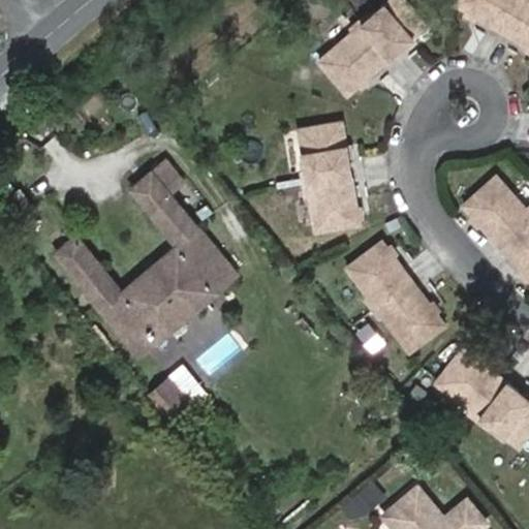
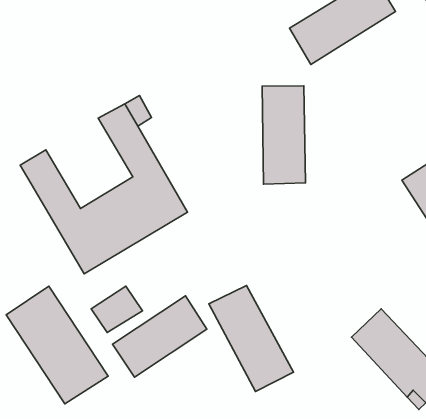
building: [345,241,446,352] -> [209,286,293,392]
building: none -> [112,296,207,377]
building: none -> [6,286,108,404]

